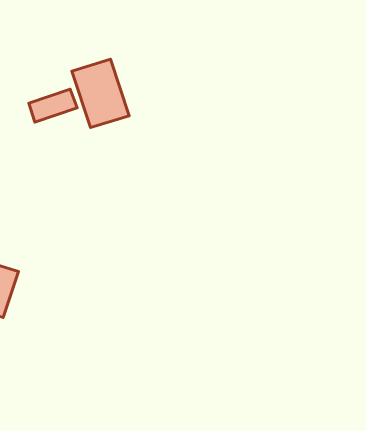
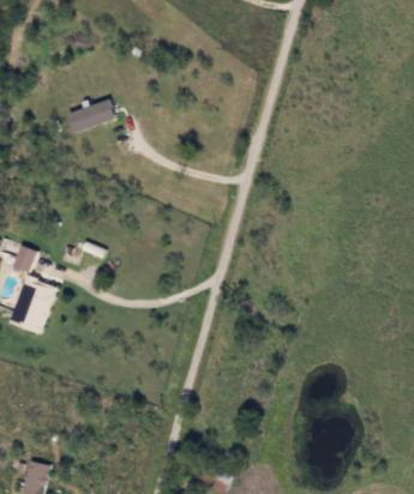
building: [72,59,129,128] -> none

